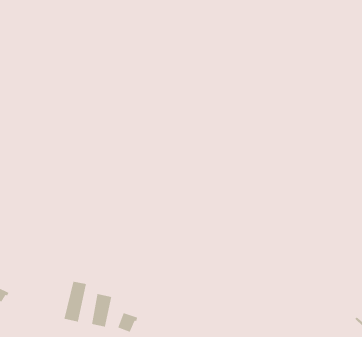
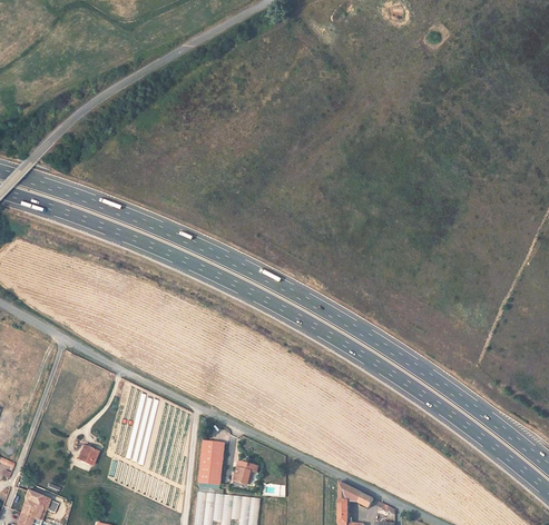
building: [63,281,87,323] -> none

